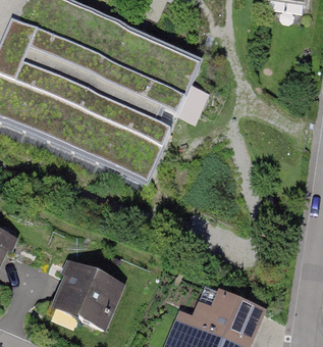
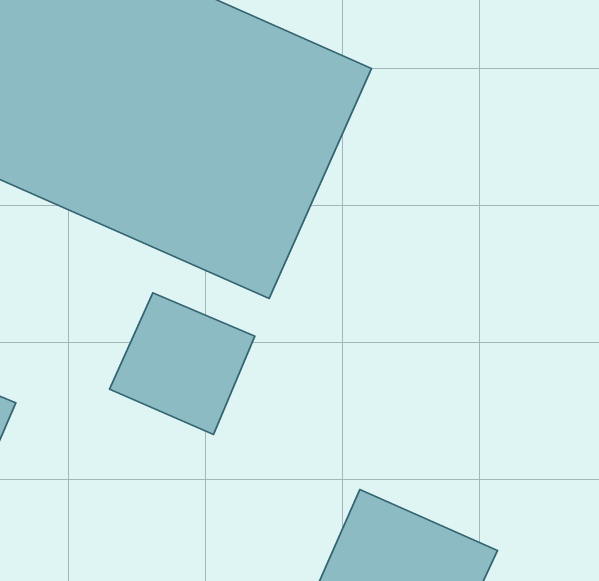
building: [45,250,120,324] -> [109,293,255,435]

